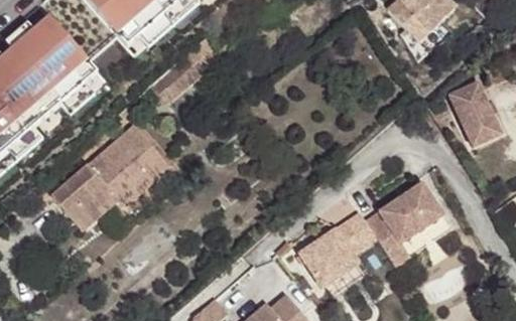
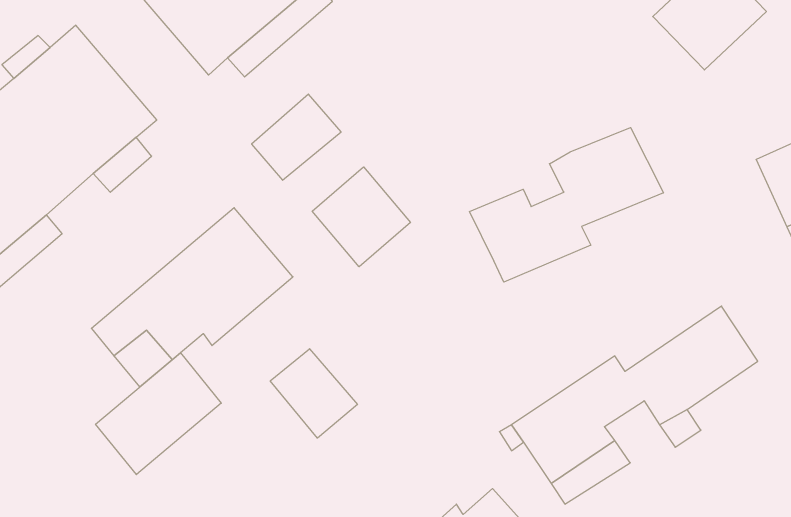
building: none -> [469,128,663,282]
building: none -> [312,167,410,267]
building: none -> [270,349,357,438]
building: none -> [96,353,221,475]

